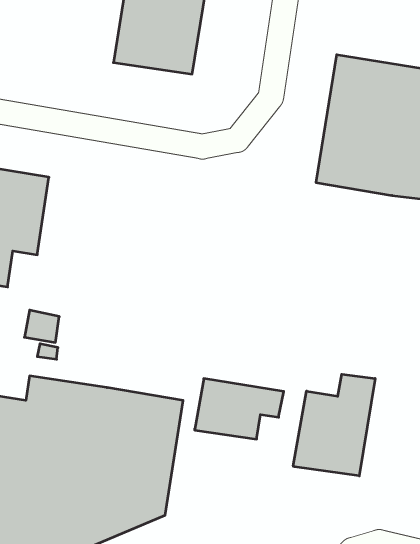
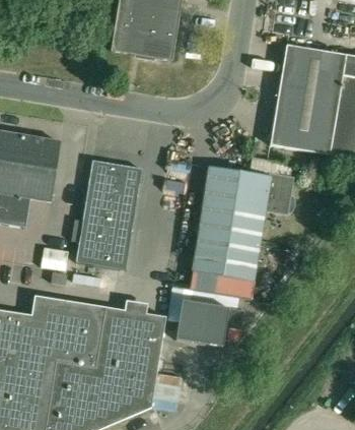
building: none -> [190,158,294,297]
building: none -> [75,160,142,269]
building: [293,374,375,476] -> none

